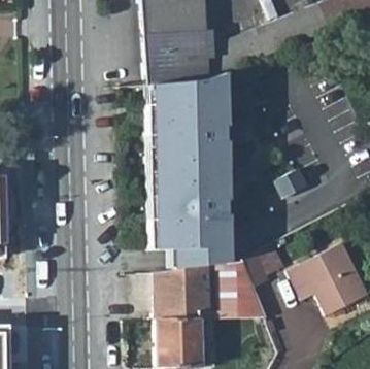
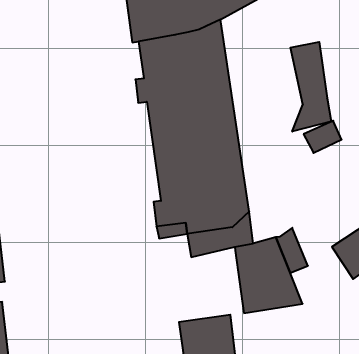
building: none -> [290,42,331,132]
building: [155,266,210,320] -> none

